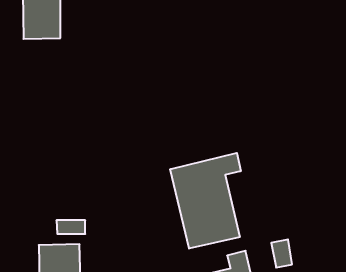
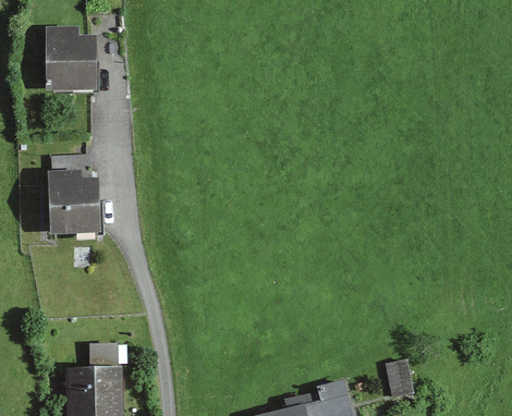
building: none -> [50,171,99,233]
building: [170,153,241,249] -> none

